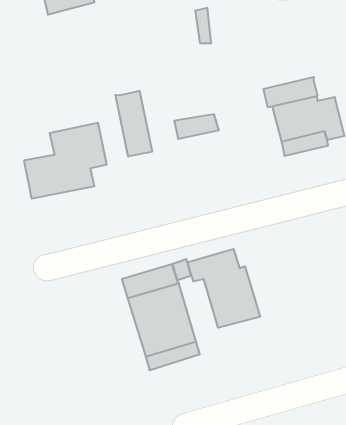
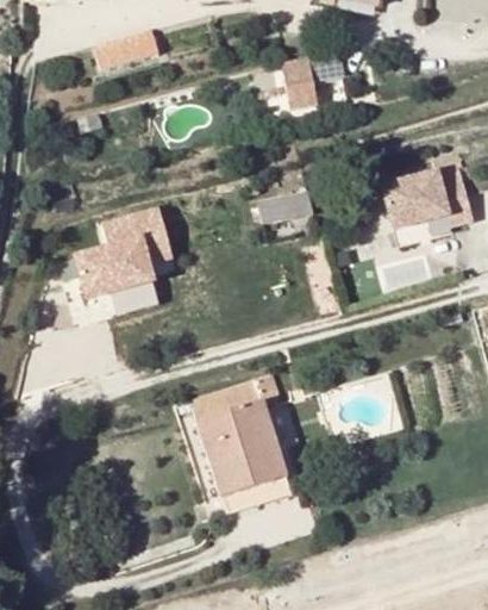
building: [264,77,317,107] -> none
building: [115,91,152,157] -> none
building: [187,249,260,328] -> none

